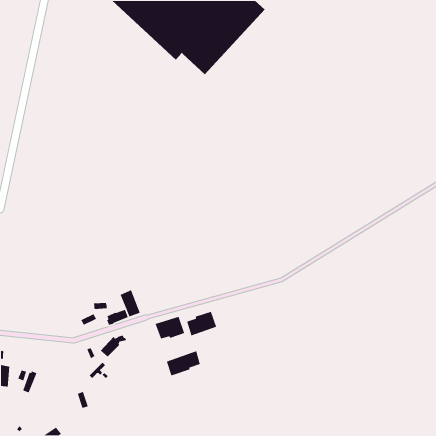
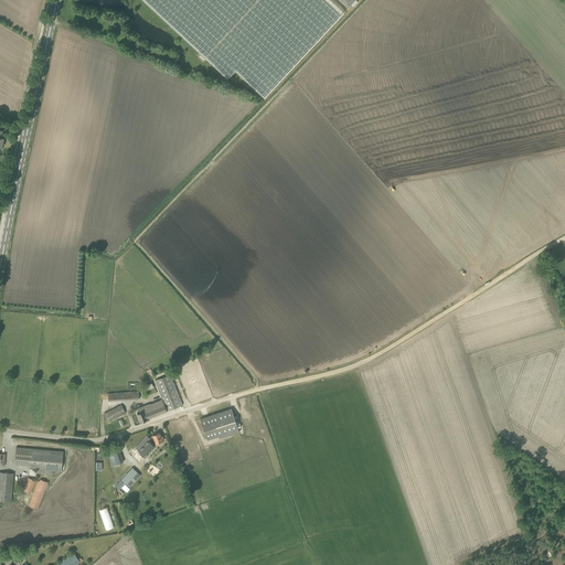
building: [186,311,217,337] -> none
building: none -> [14,447,63,471]
building: [166,350,201,376] -> none

